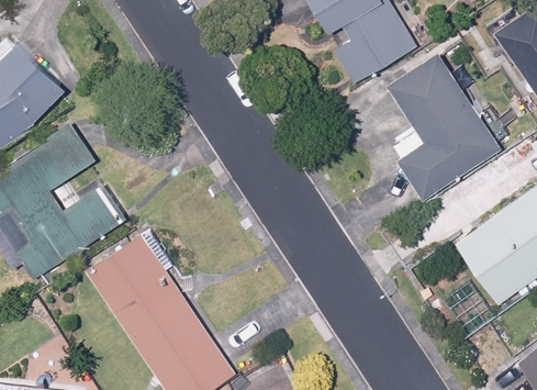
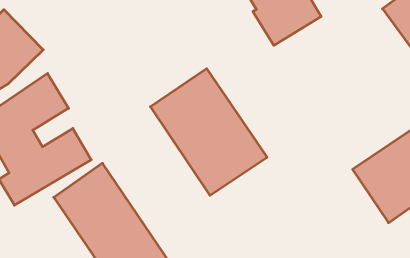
building: [388,49,504,203] -> none
building: none -> [150,69,267,195]

